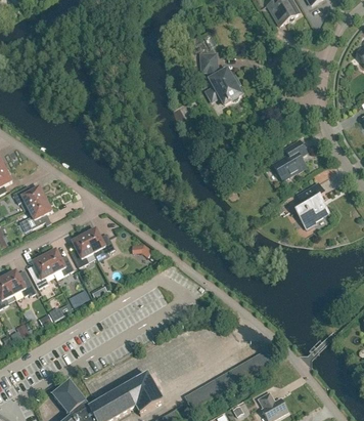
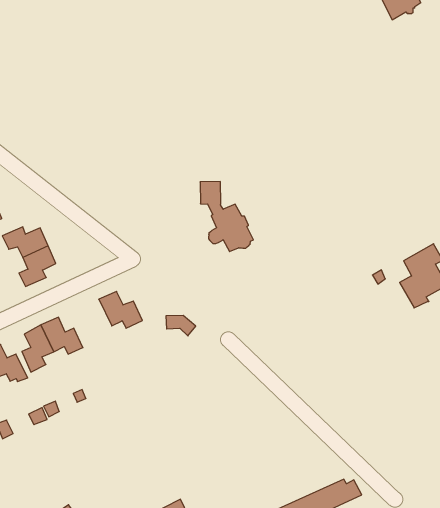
building: [200,53,240,102] -> [200,182,253,252]
building: [273,139,306,178] -> none
building: [71,234,93,266] -> none

